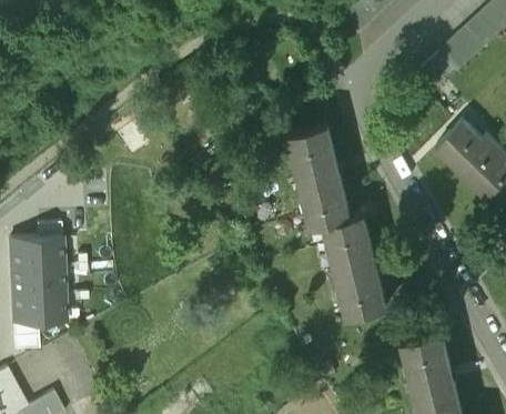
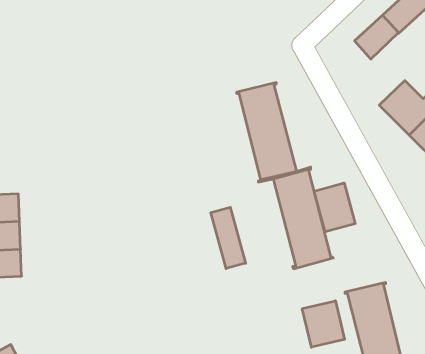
building: none -> [314,183,355,232]
building: none -> [211,207,246,269]
building: none -> [302,301,345,347]

